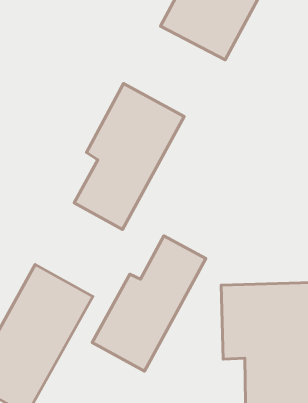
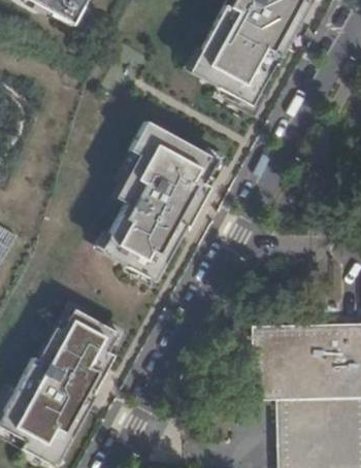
building: [92,236,206,371] -> none

